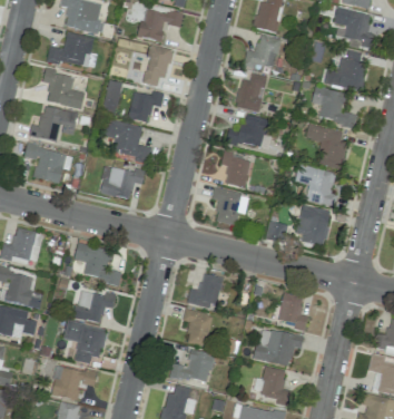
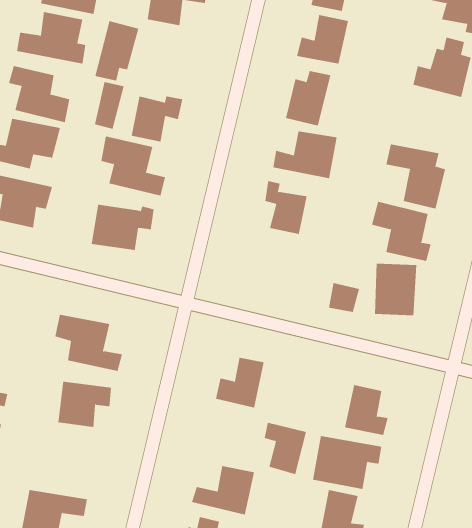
building: [141,43,173,86] -> [94,21,139,81]
building: [312,87,356,126] -> none
building: [211,186,242,225] -> none
building: [183,309,213,345] -> [264,422,307,475]
building: [62,320,106,363] -> none

